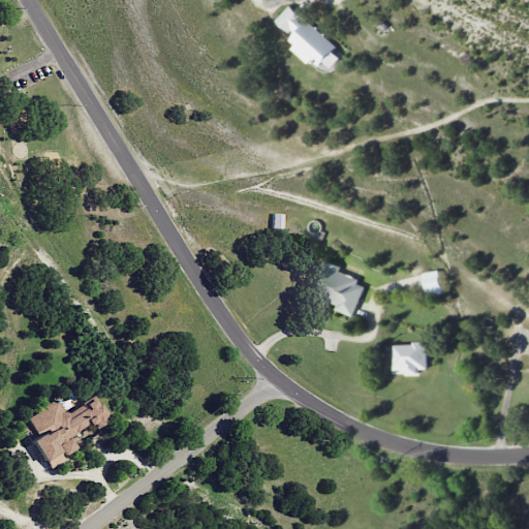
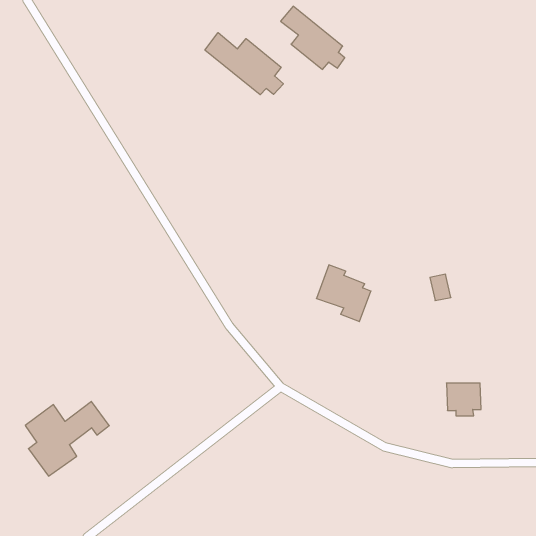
building: none -> [205,33,283,95]
building: [394,344,428,376] -> [446,383,481,416]

